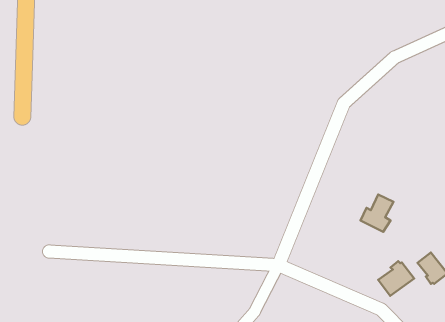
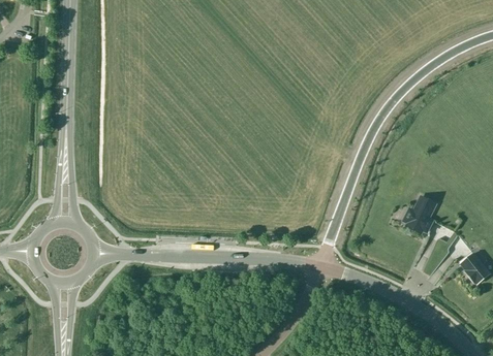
building: [378,261,414,296] -> none

